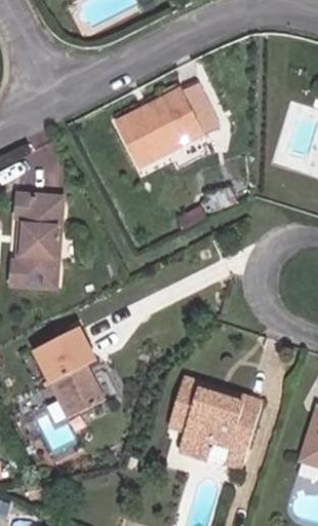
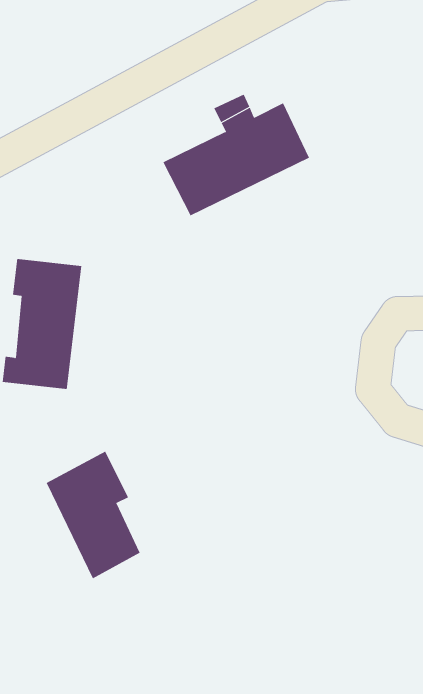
building: [167,379,270,473] -> none

